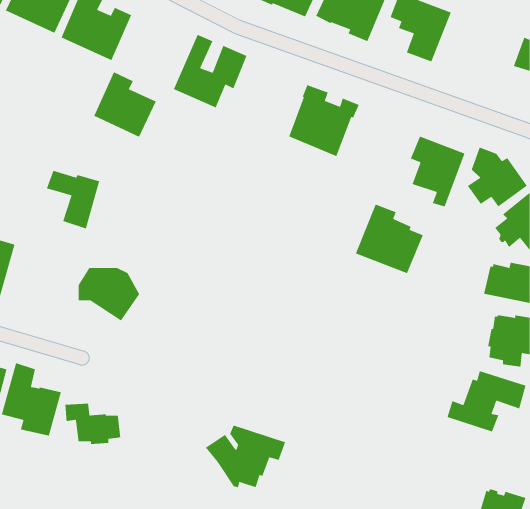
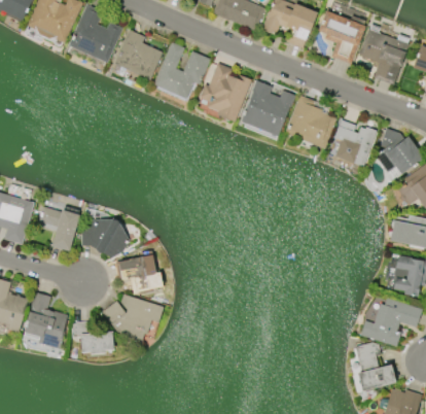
building: none -> [358,24,410,84]
building: none -> [199,63,251,122]
building: [93,71,157,138] -> [114,29,163,79]
building: [46,170,100,230] -> [38,206,79,251]
building: [355,204,424,274] -> [284,95,336,148]
building: none -> [114,251,163,294]
building: [205,424,286,488] -> [102,294,164,342]
building: none -> [355,342,395,390]

